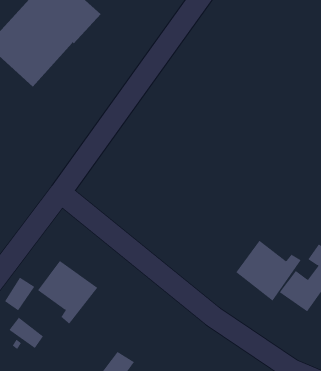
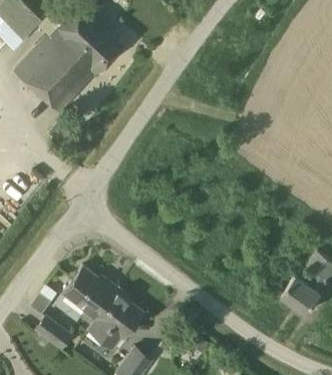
building: [235,240,302,301] -> none
building: none -> [89,293,143,348]

